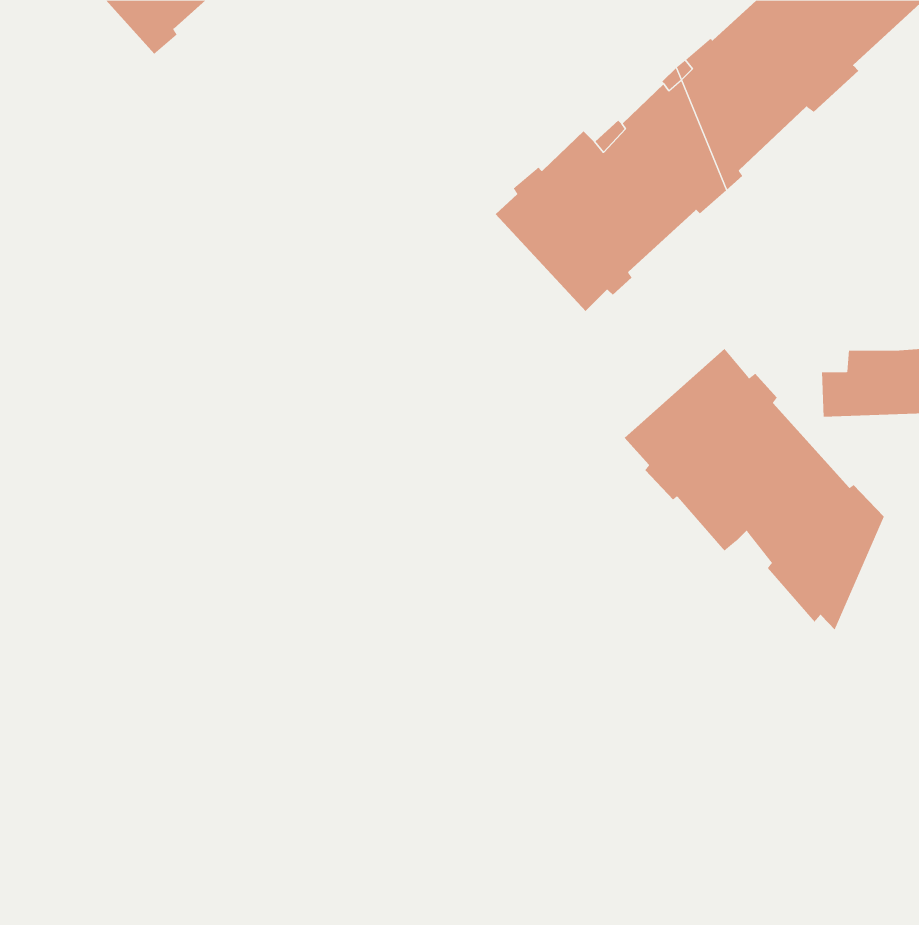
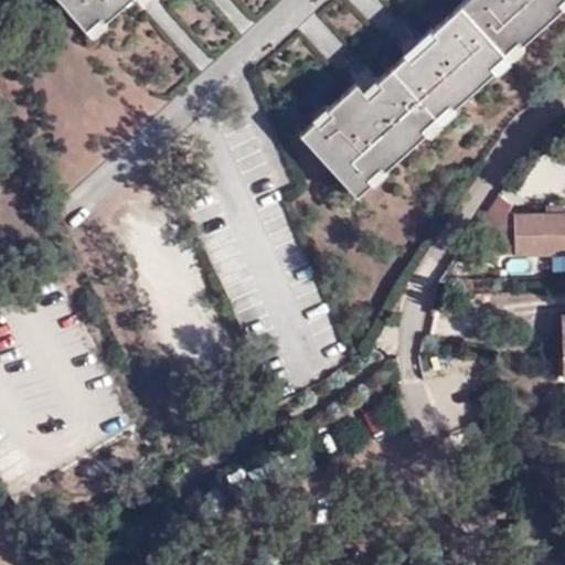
building: [624,348,884,631] -> none

